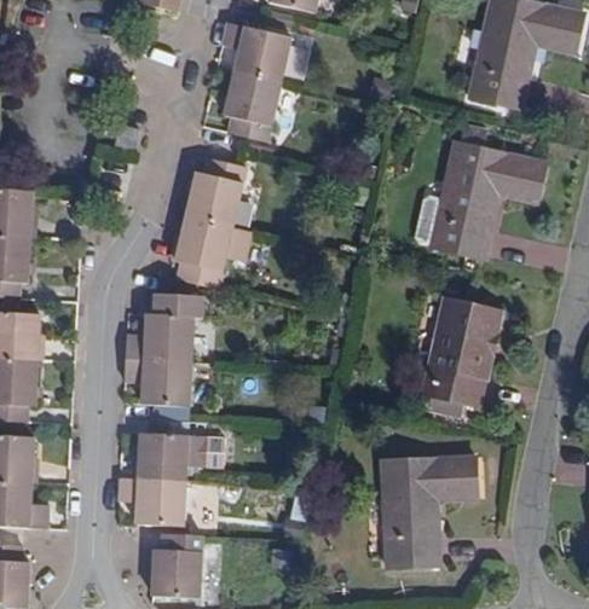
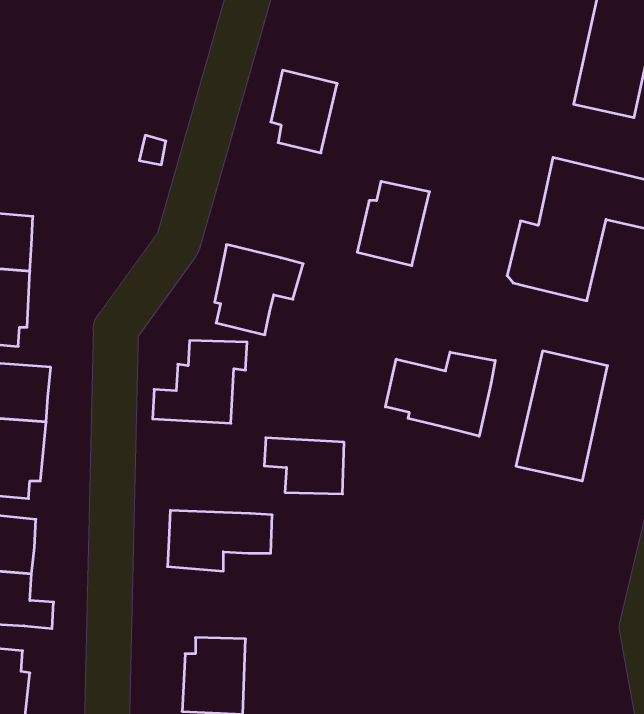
building: [215,28,288,82] -> none
building: [187,156,247,225] -> [357,181,430,266]
building: none -> [385,352,495,436]
building: [126,356,191,402] -> [264,438,344,494]
building: [383,458,477,568] -> none
building: [119,476,185,528] -> none

